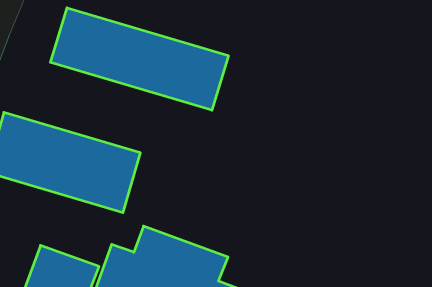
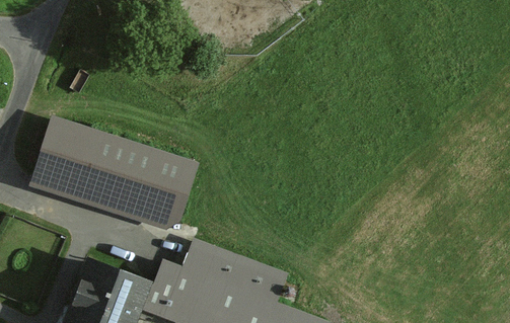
building: [50,8,228,110] -> none

